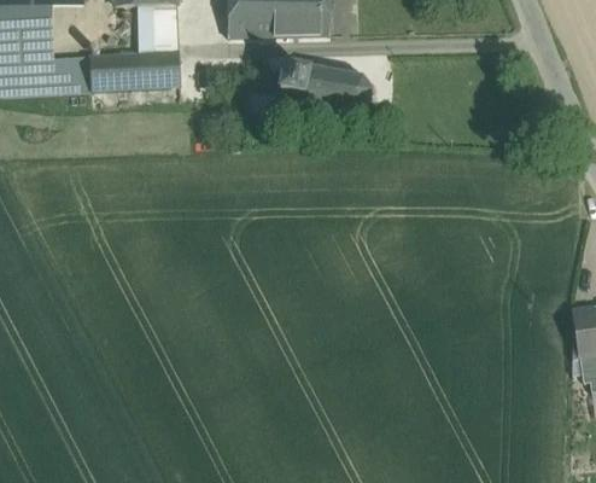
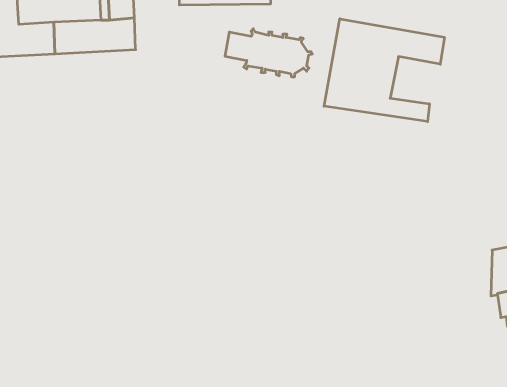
building: none -> [324,19,444,122]

